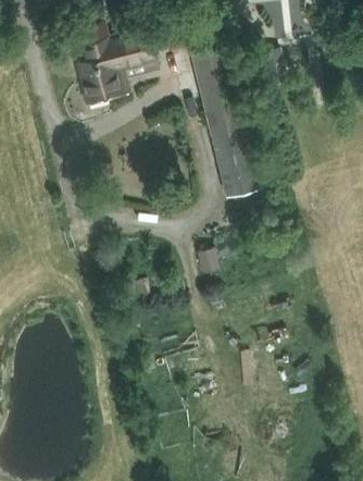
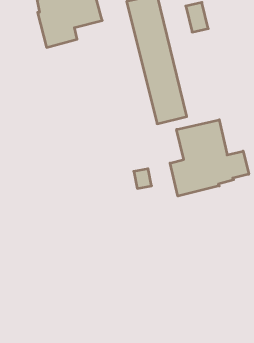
building: none -> [170,120,249,196]

